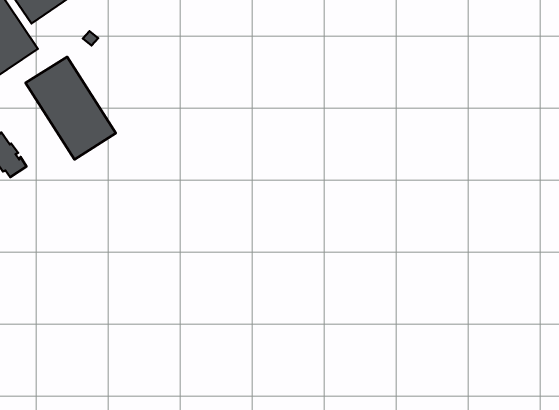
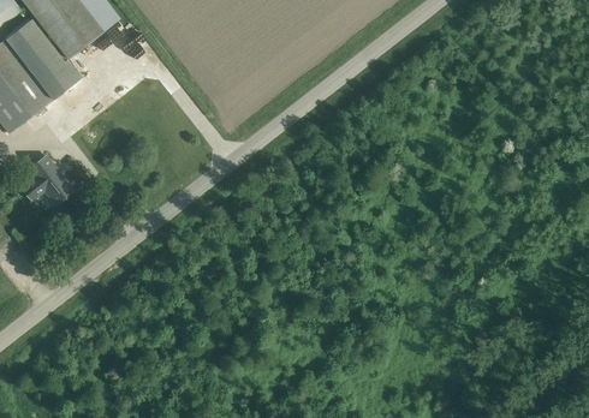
building: [26,57,116,160] -> none

